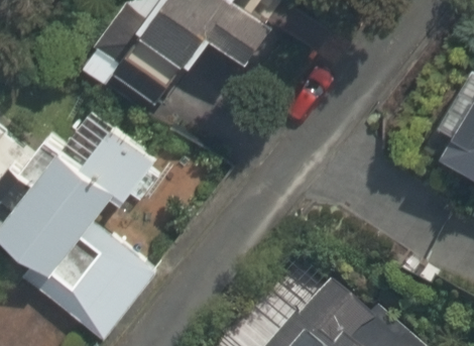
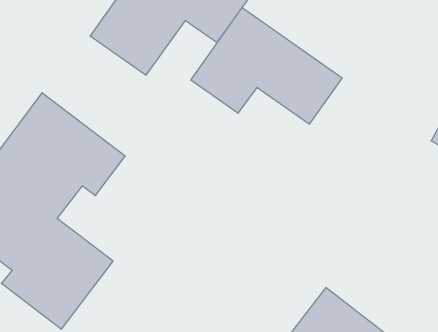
building: none -> [191,7,342,124]

